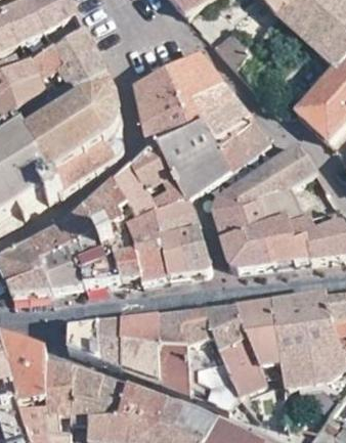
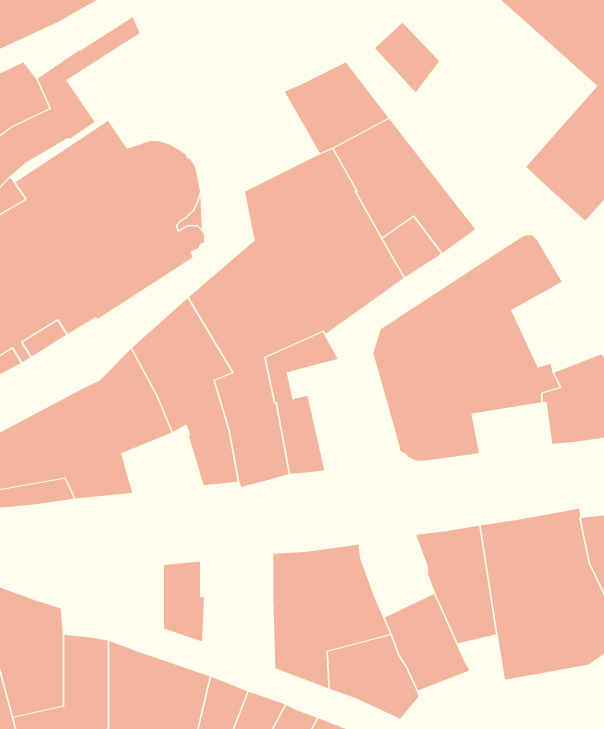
building: [48,36,119,112] -> none
building: [135,68,185,122] -> none
building: [168,213,211,273] -> none
building: [268,236,311,264] -> none
building: [78,249,122,285] -> none
building: [207,309,248,353] -> none
building: [121,318,161,381] -> none
building: [70,324,100,359] -> none

